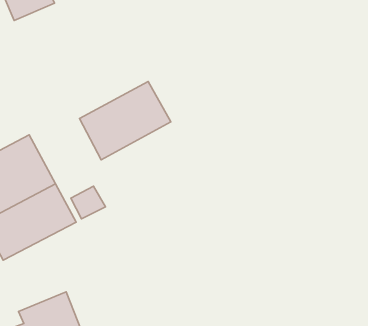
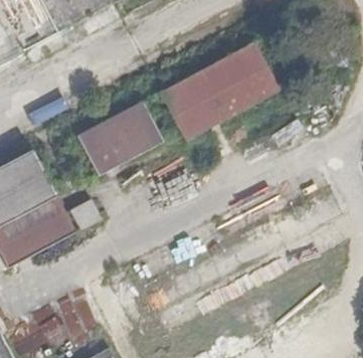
building: none -> [160,42,281,141]

